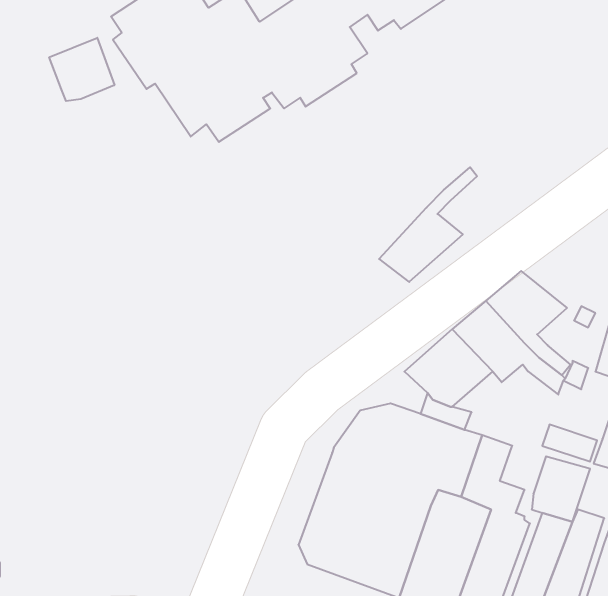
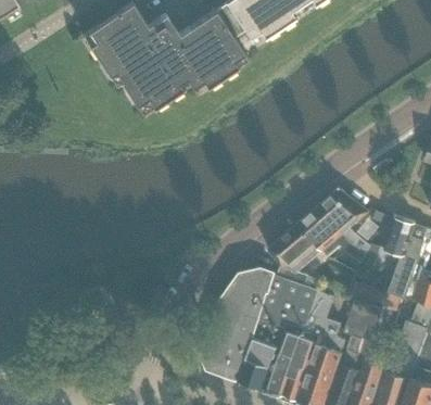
building: [49,38,114,101] -> none
building: [379,167,477,282] -> none

